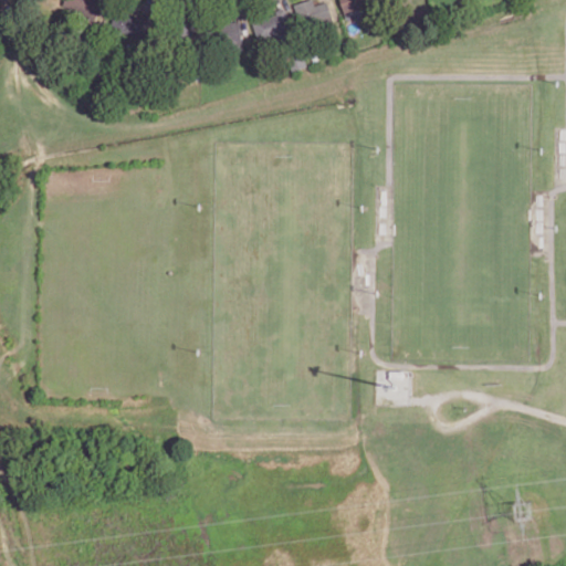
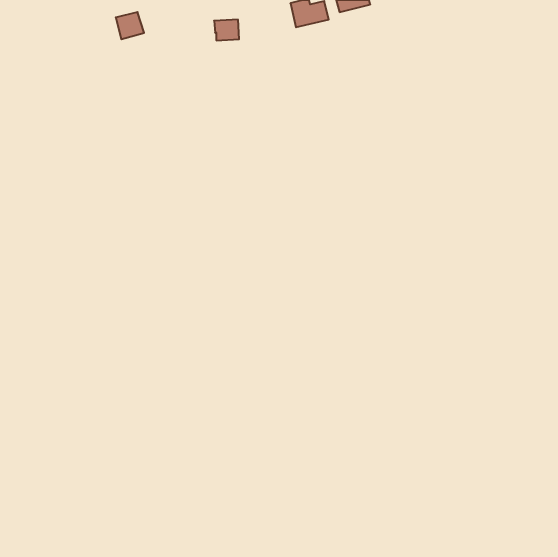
building: [252,11,292,41] -> none

